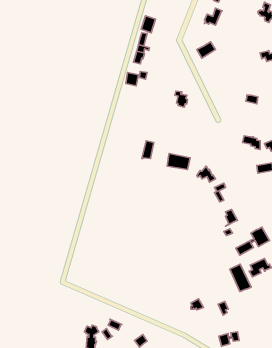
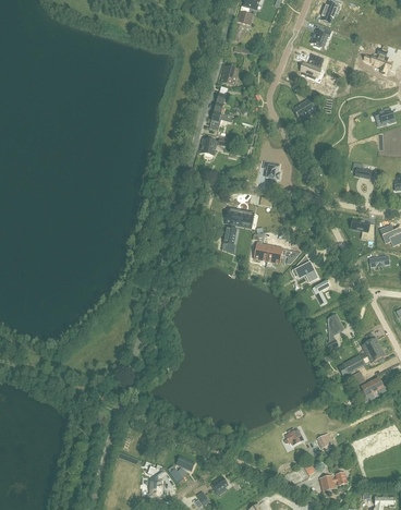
building: none -> [224,207,254,228]
building: [230,264,251,291] -> none

